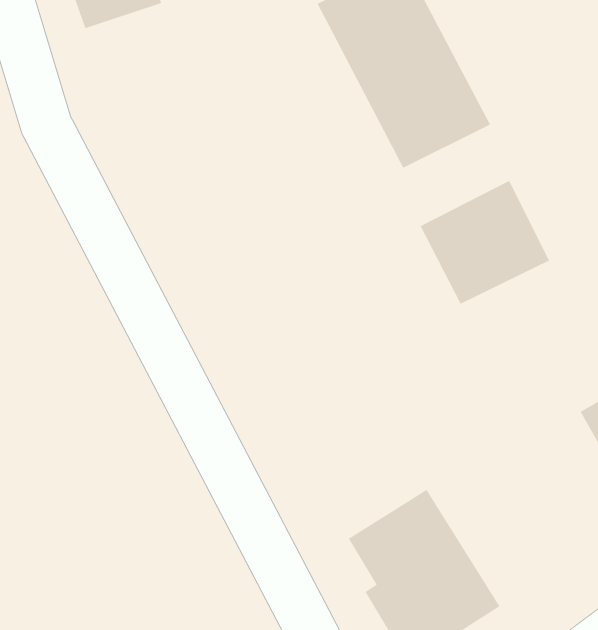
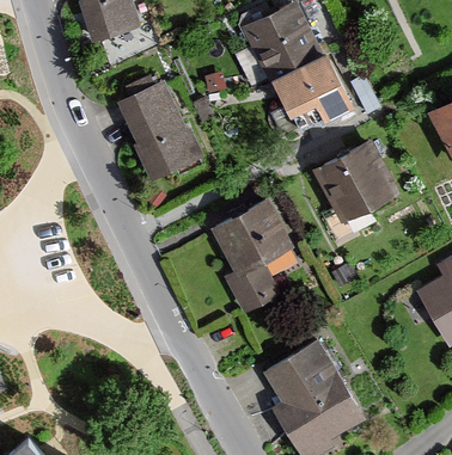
building: none -> [117,81,201,180]
building: none -> [212,203,294,315]

